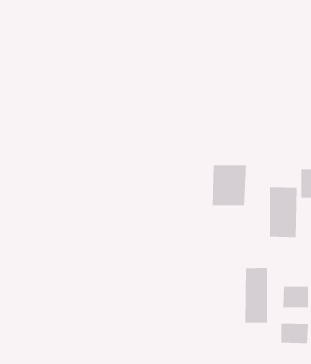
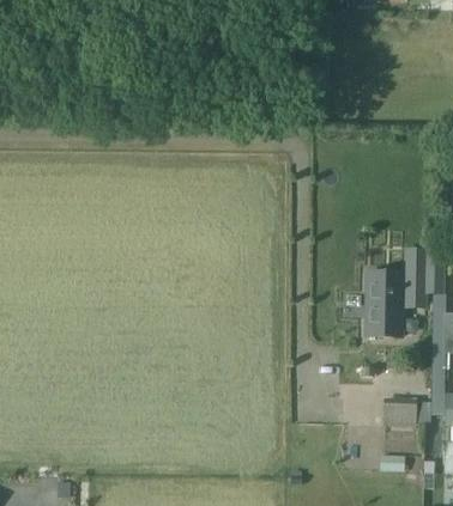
building: [212,165,246,206] -> none
building: [245,267,268,324] -> none

